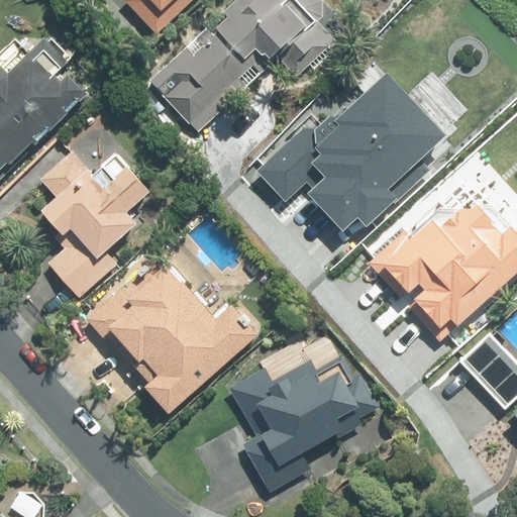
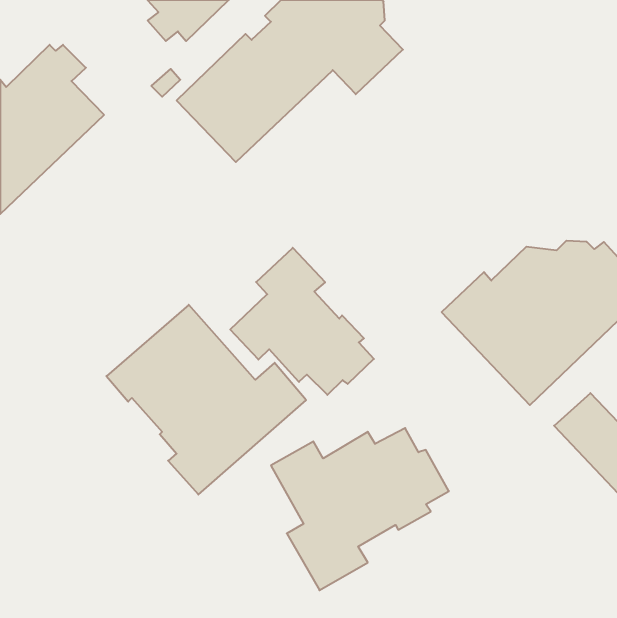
building: [261,77,440,230] -> none
building: [35,150,143,296] -> none
building: none -> [230,248,374,395]

